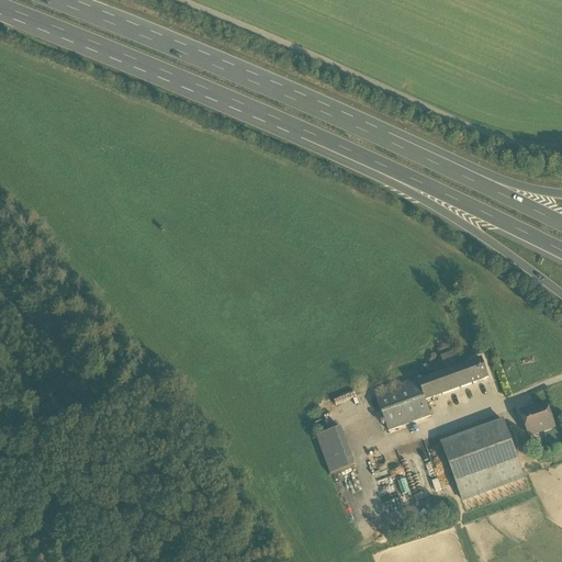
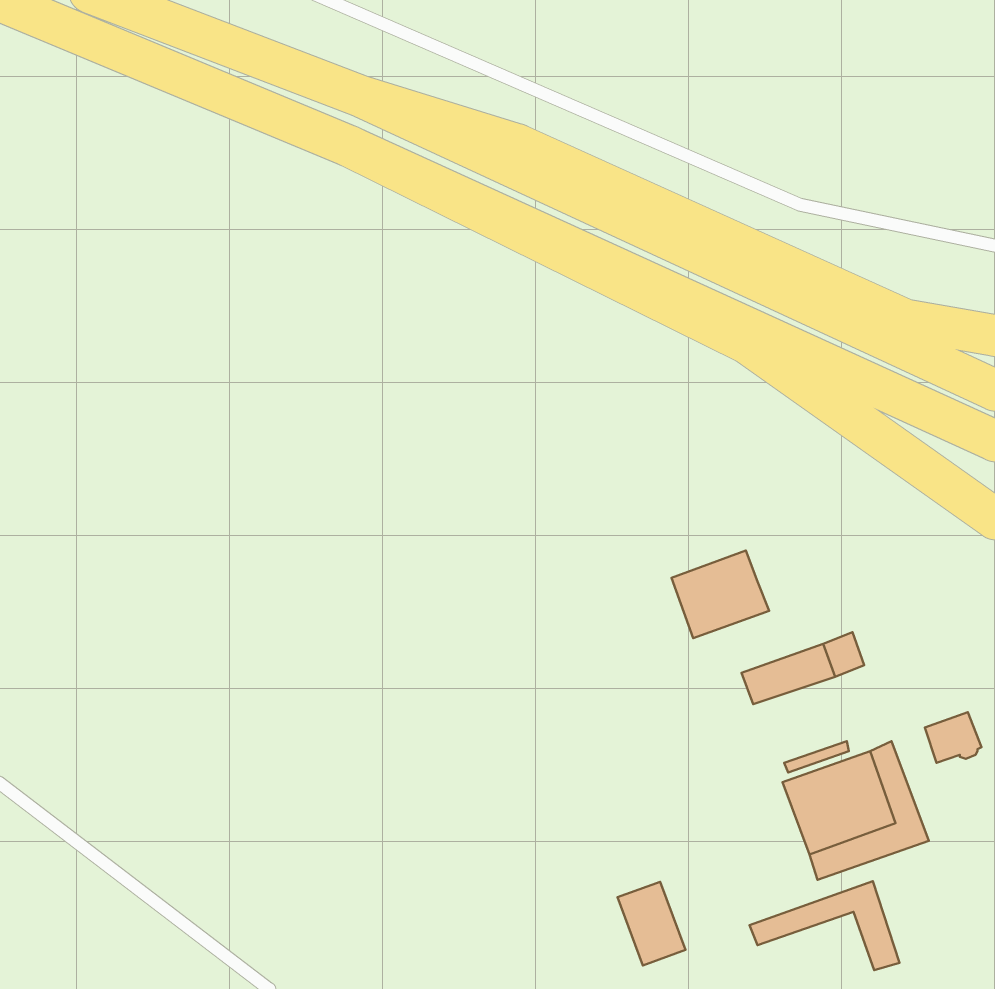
building: [375,379,430,428] -> [672,550,769,638]
building: [315,425,353,472] -> [617,882,686,966]
building: none -> [749,881,899,970]

